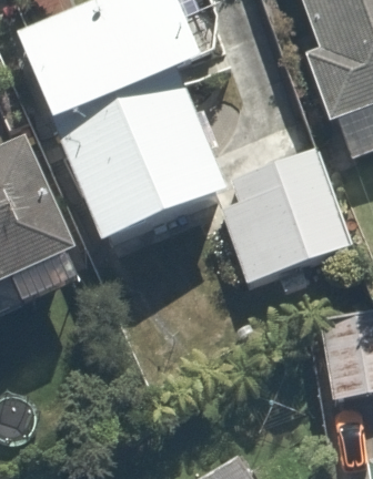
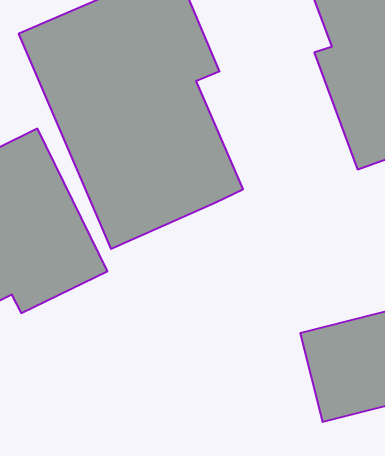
building: [206,149,359,287] -> none

